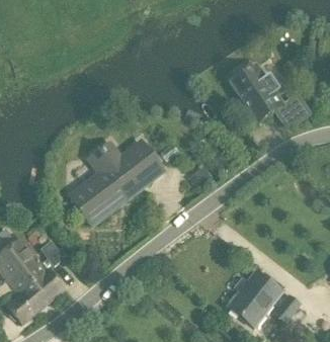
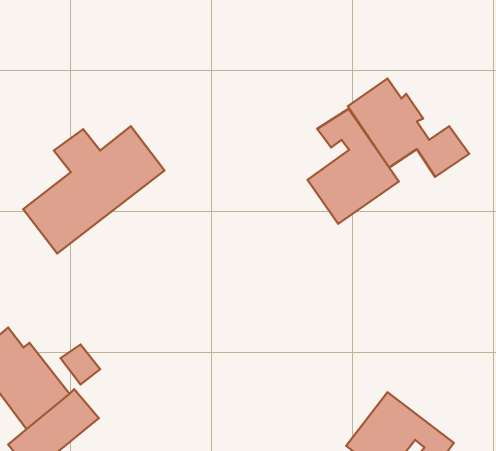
building: none -> [308,109,399,224]
building: [69,141,162,225] -> [23,126,165,254]

